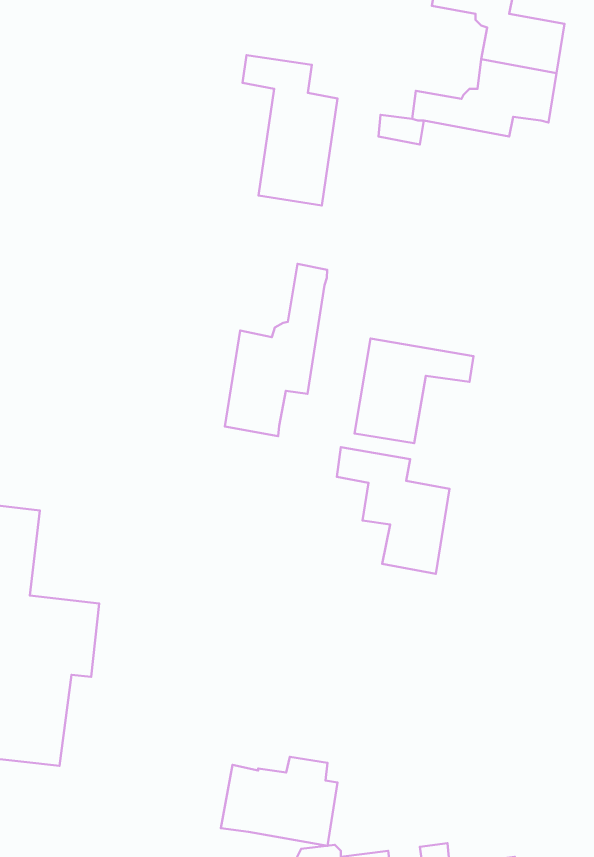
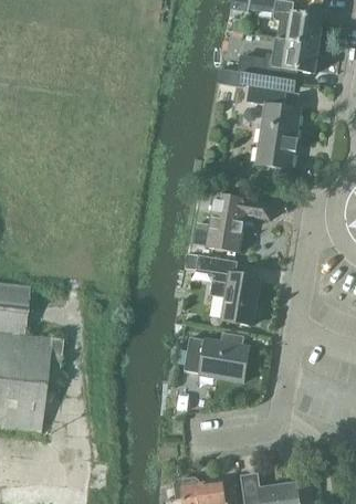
building: [243,55,338,206] -> [245,84,299,168]
building: [225,264,327,436] -> none
building: [221,757,337,846] -> [184,330,249,380]

